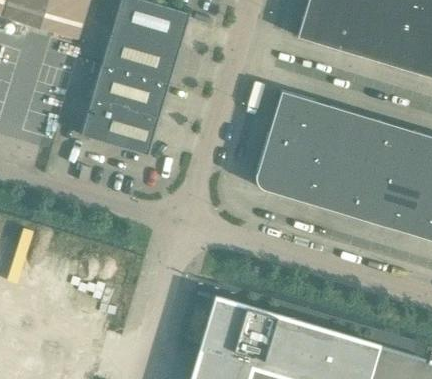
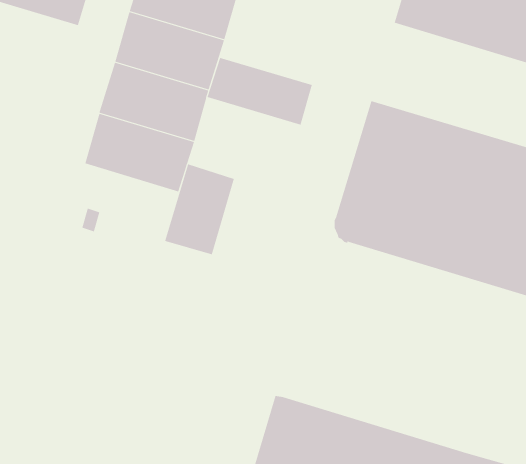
building: none -> [207,57,312,126]
building: none -> [165,164,235,255]

